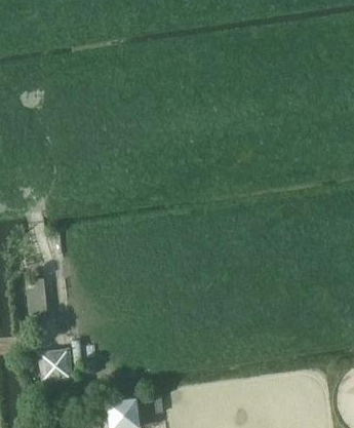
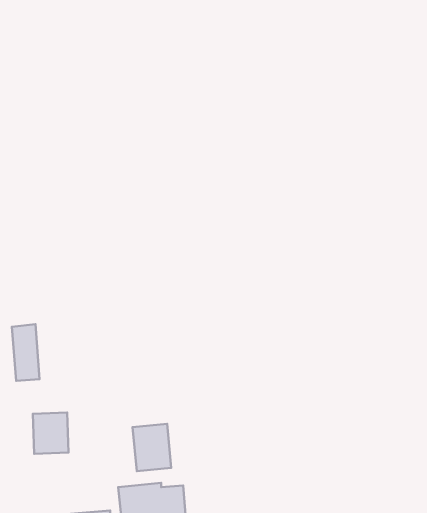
building: none -> [133,424,171,471]

